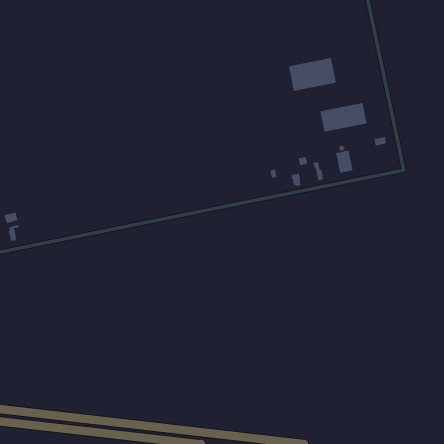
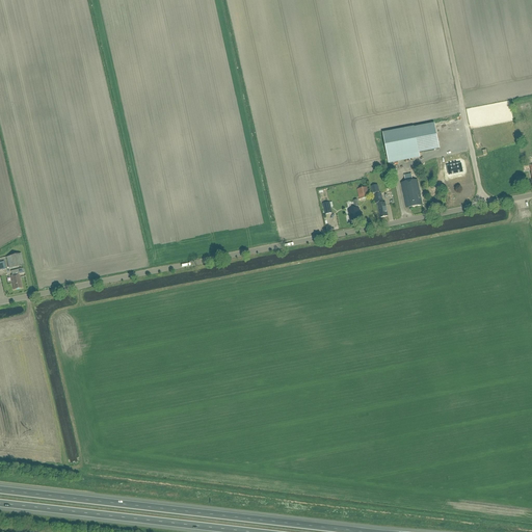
building: [288,57,337,92] -> none

